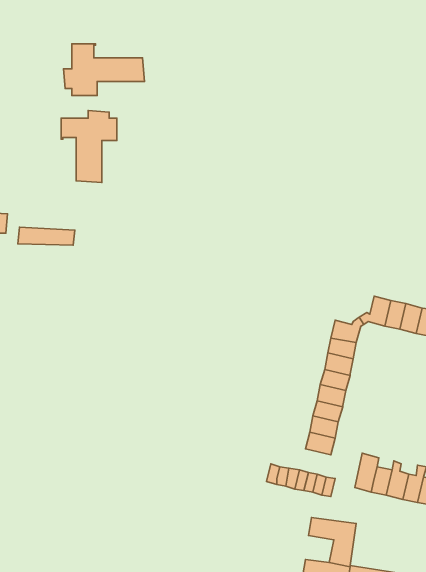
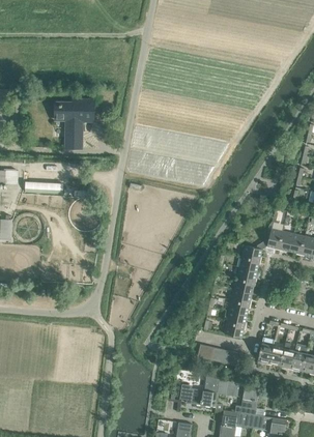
building: [64,44,144,96] -> none
building: none -> [178,374,220,408]

